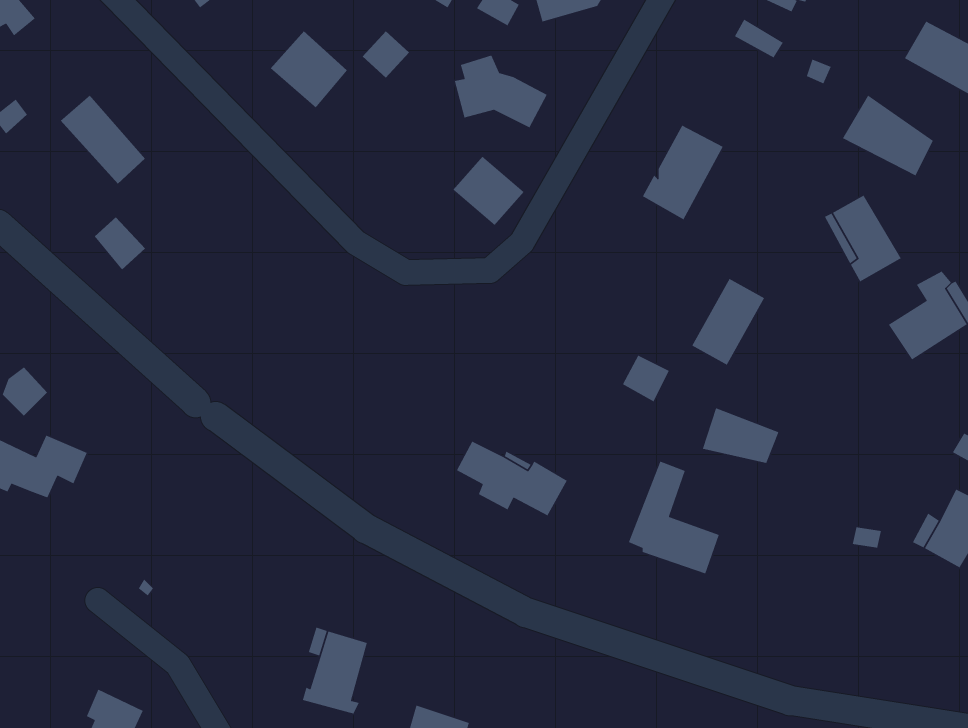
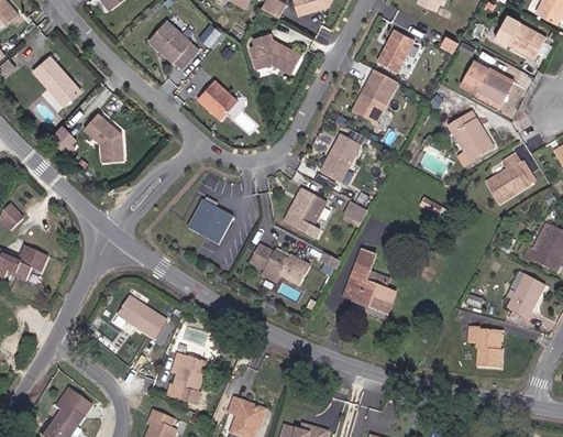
building: none -> [377,33,415,75]
building: [452,156,524,226] -> [198,83,238,121]
building: none -> [85,113,123,163]
building: [691,278,765,366] -> [321,138,362,186]
building: none -> [289,192,328,229]
building: none -> [187,201,233,247]
building: [702,407,780,464] -> none
building: none -> [118,293,165,335]
building: none -> [472,327,504,370]

